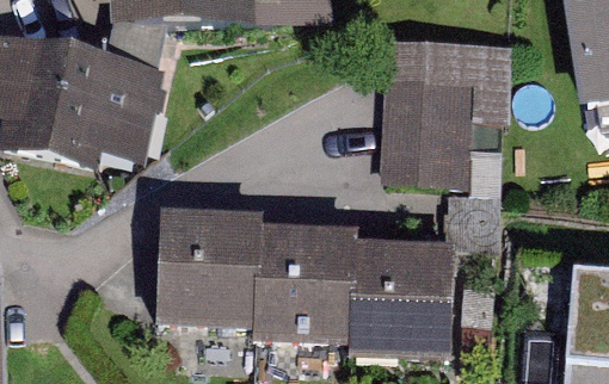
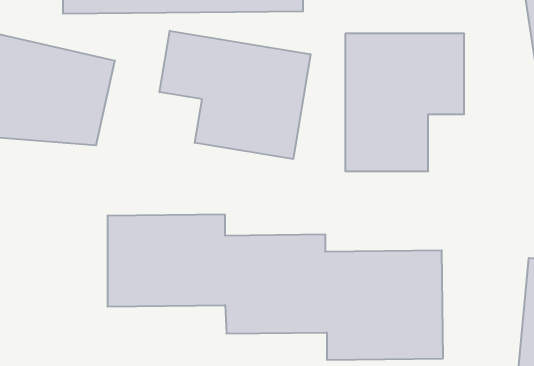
building: none -> [160,31,310,159]

